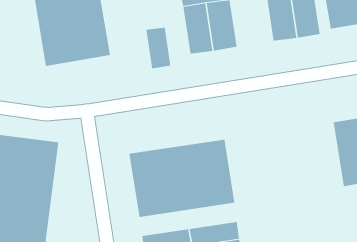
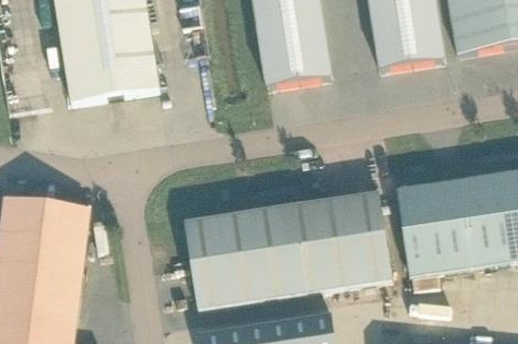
building: [146,27,171,69] -> none
building: none -> [396,179,474,276]
building: none -> [315,192,392,288]

